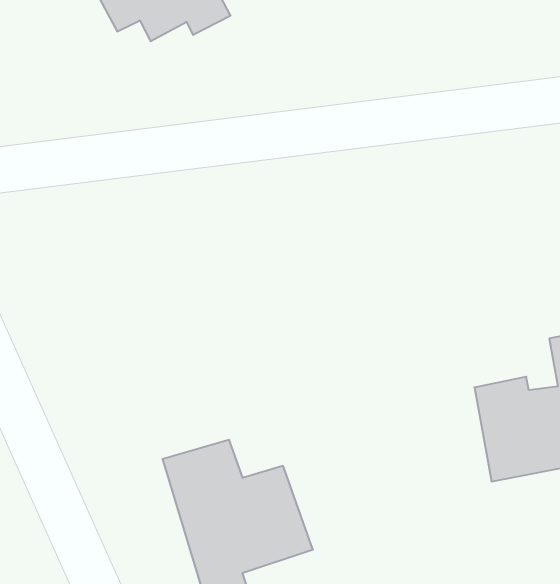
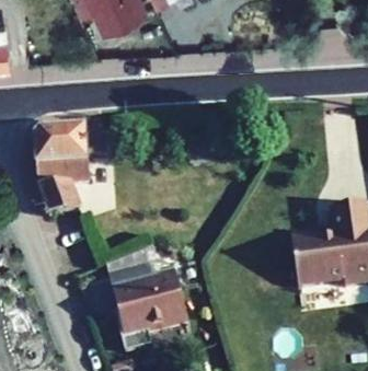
building: none -> [28,119,99,216]

